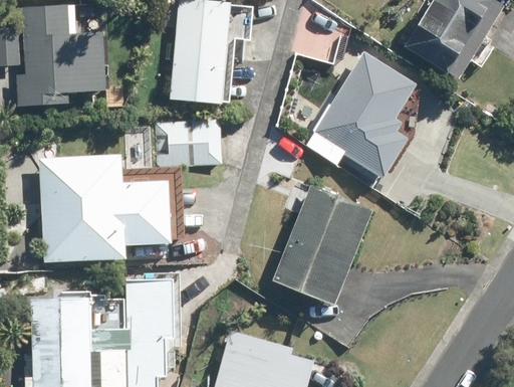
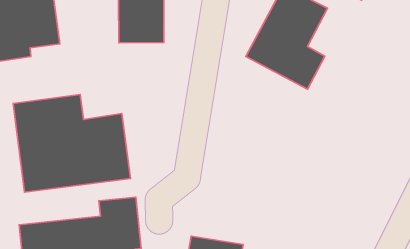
building: [163,118,226,165] -> none
building: [271,187,371,308] -> none

